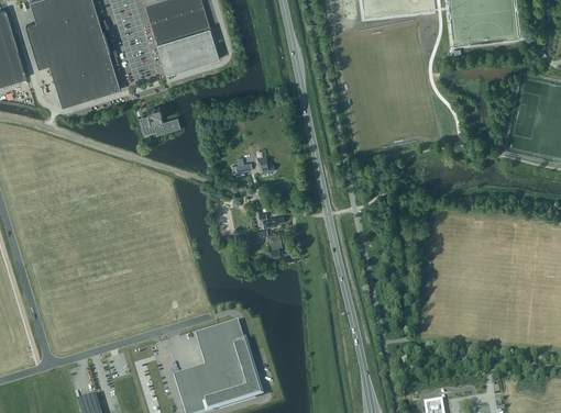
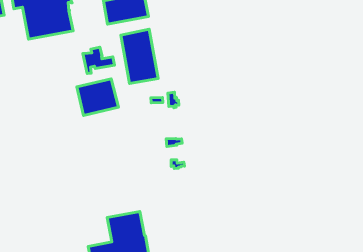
building: none -> [121,29,158,83]
building: none -> [77,79,118,116]

